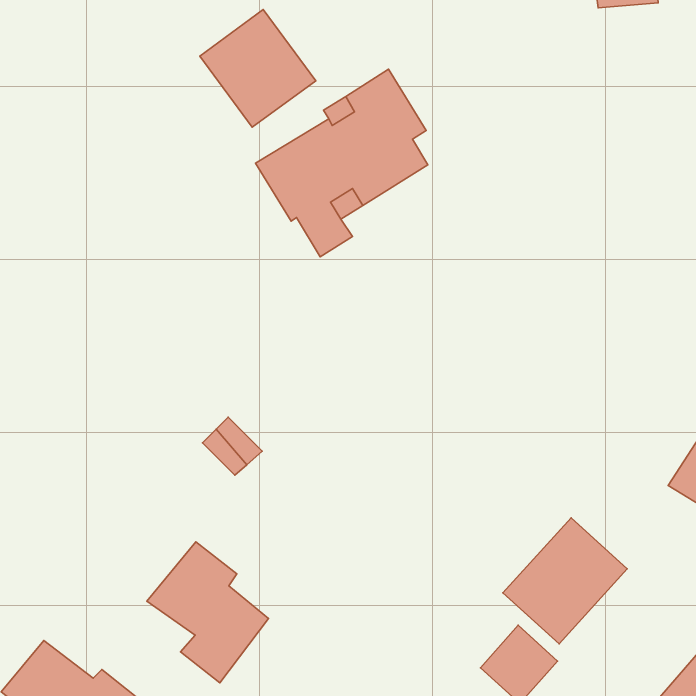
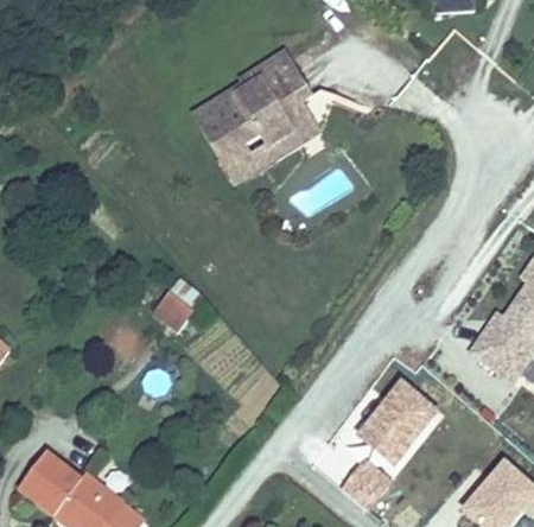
building: [200,9,316,127] -> none
building: [147,542,268,683] -> none

